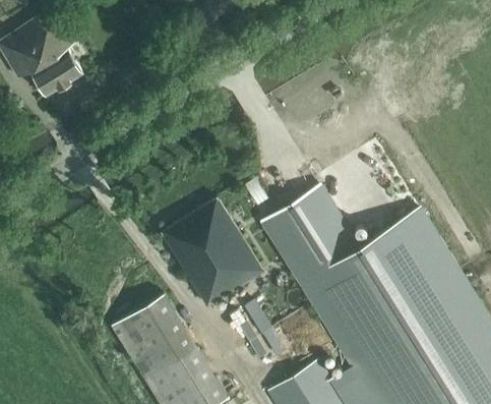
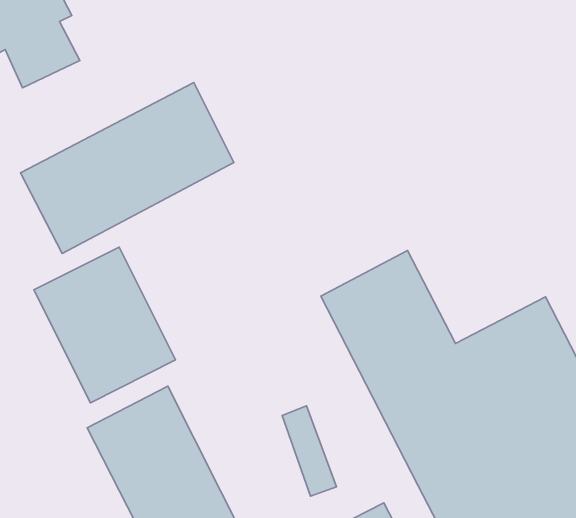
building: none -> [21,83,234,253]
building: [162,198,263,307] -> [34,247,176,403]

